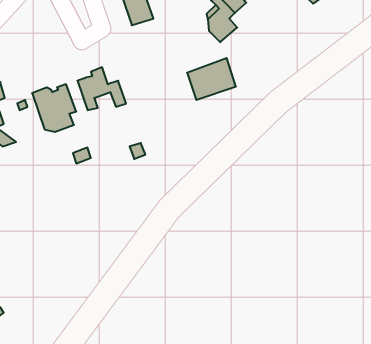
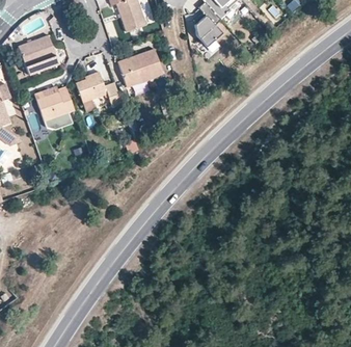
building: none -> [18,35,58,74]
building: [187,58,236,100] -> [117,47,162,85]

